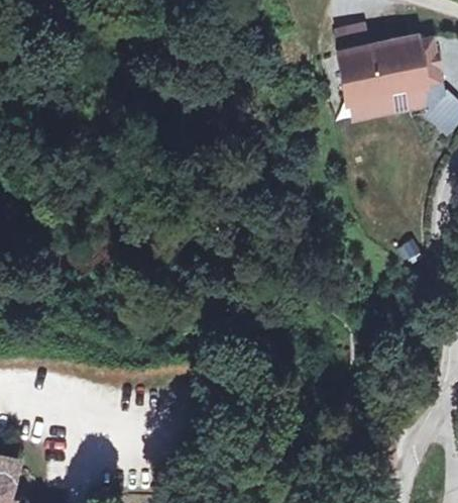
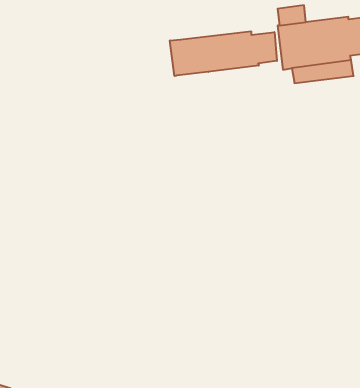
building: none -> [170,31,277,76]

